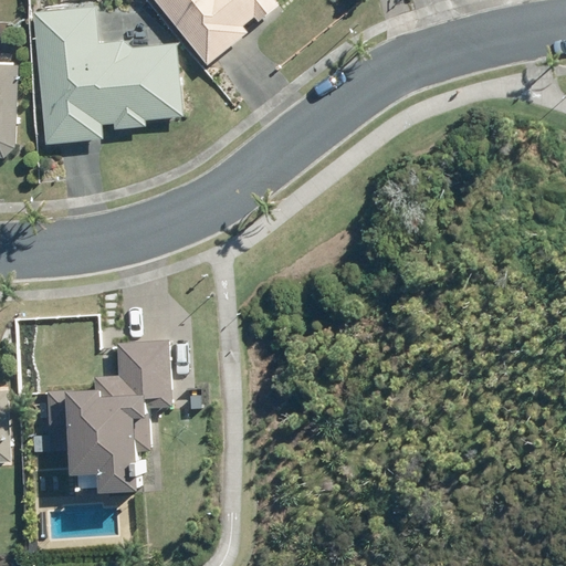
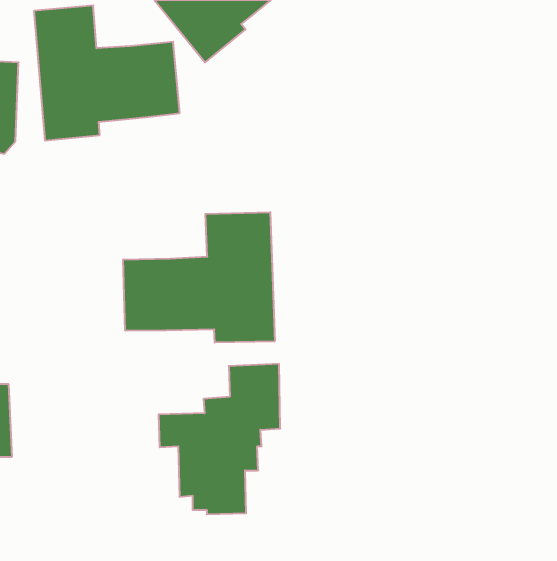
building: none -> [123,212,275,343]
building: [43,340,166,492] -> [159,364,280,514]

